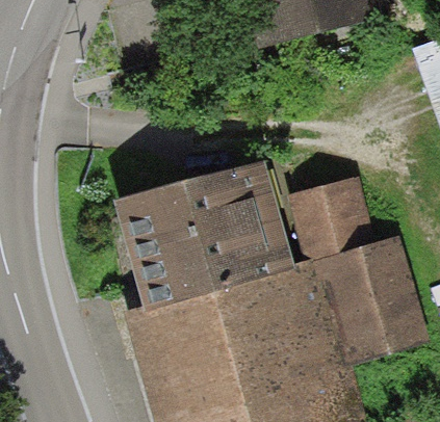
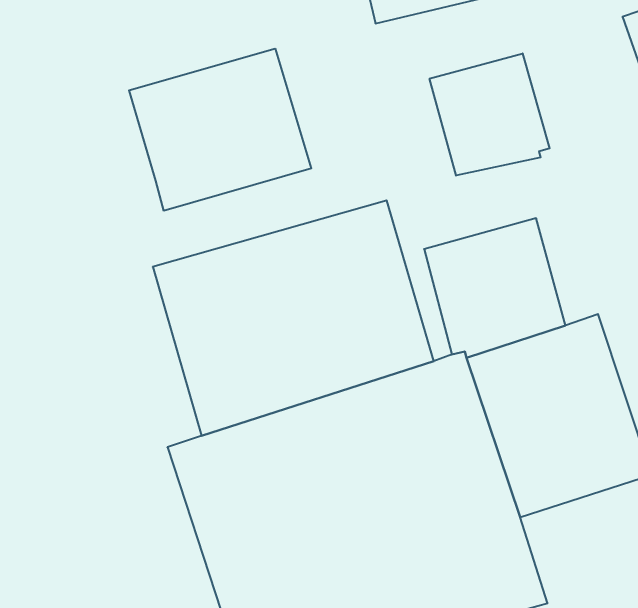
building: none -> [129,49,311,211]
building: none -> [430,53,550,176]

